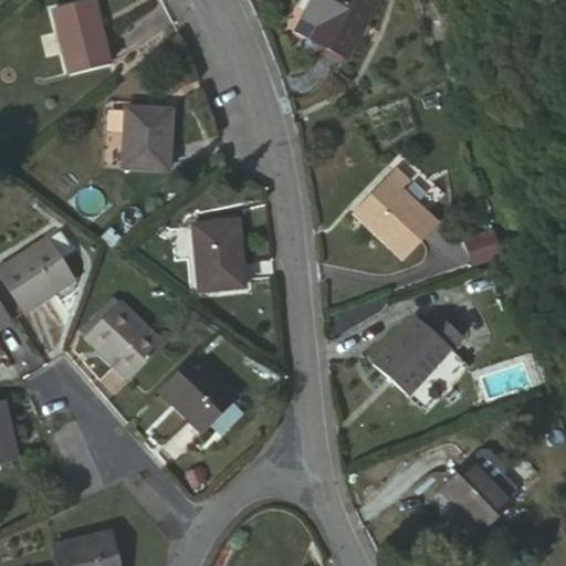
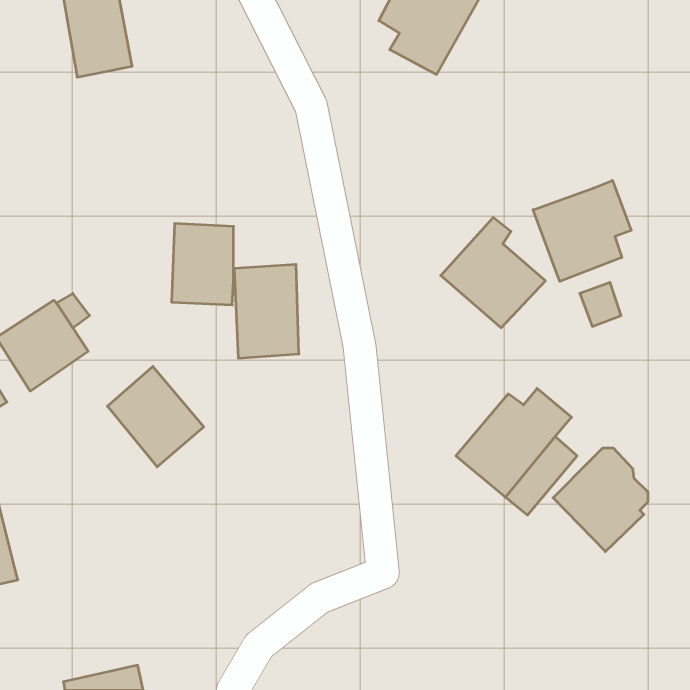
building: [120,99,170,165] -> [172,224,234,305]
building: none -> [533,180,631,281]
building: [157,354,232,433] -> none
building: [441,450,517,533] -> [553,448,648,552]

